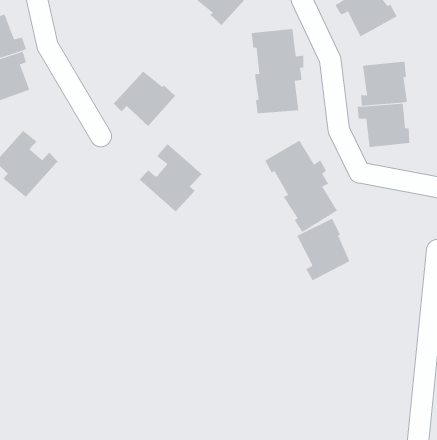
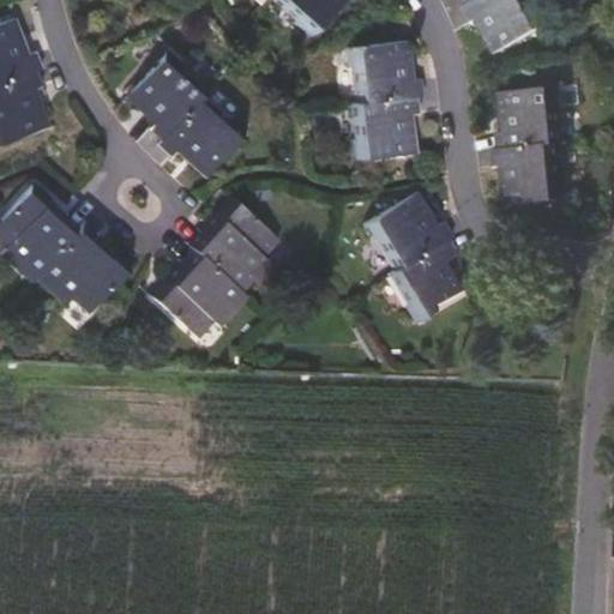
building: none -> [125,52,204,140]
building: none -> [31,228,128,318]
building: none -> [144,246,240,335]
building: [296,218,350,281] -> none

